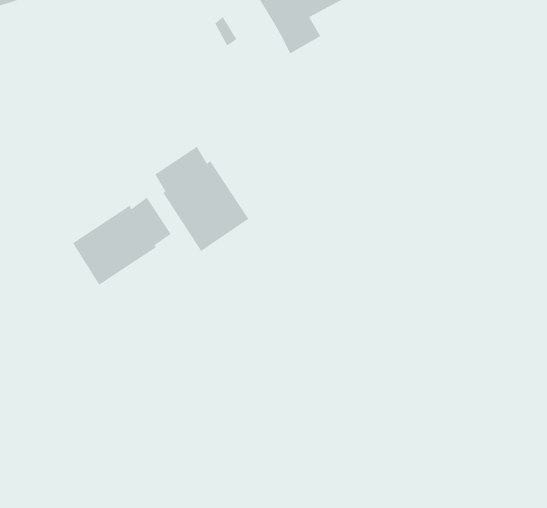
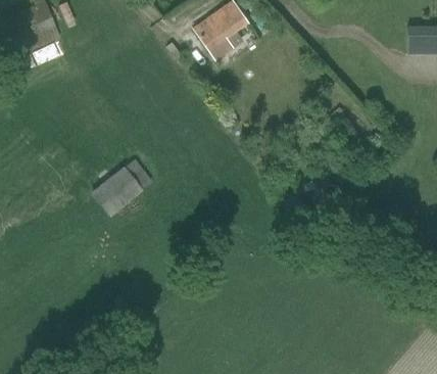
building: [155,146,249,252] -> none

